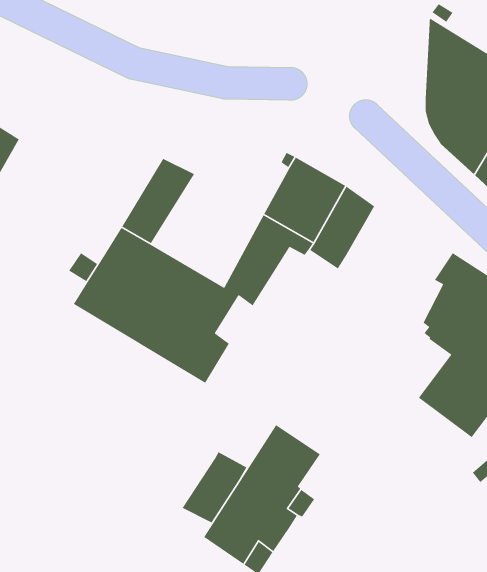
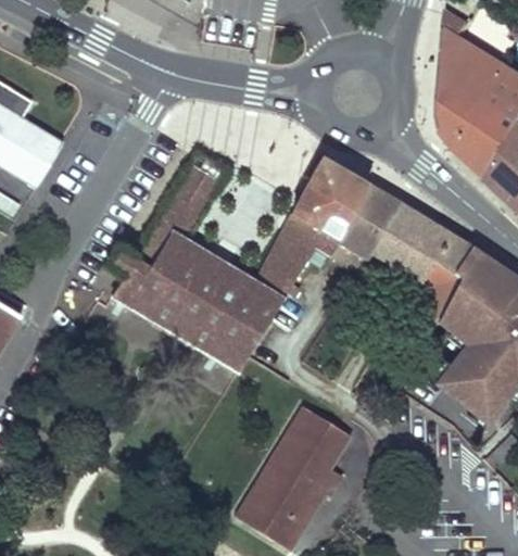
building: none -> [370,204,469,320]
building: [181,451,248,524] -> none

